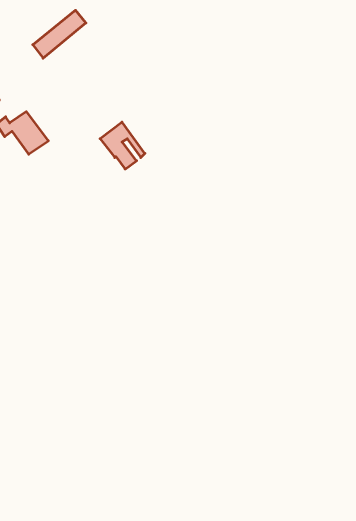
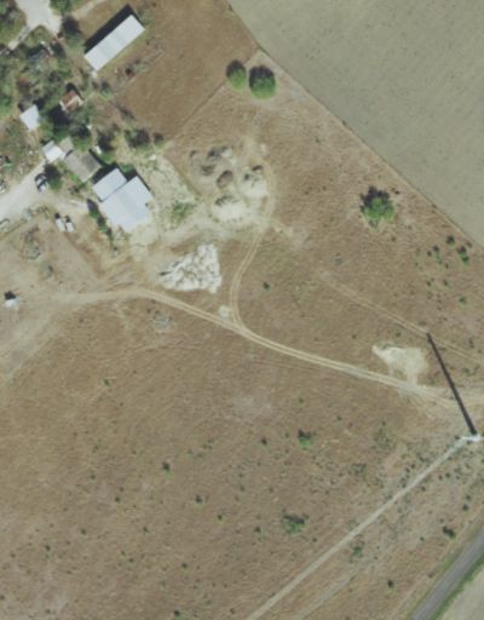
building: [100,122,145,169] -> [91,168,143,223]

